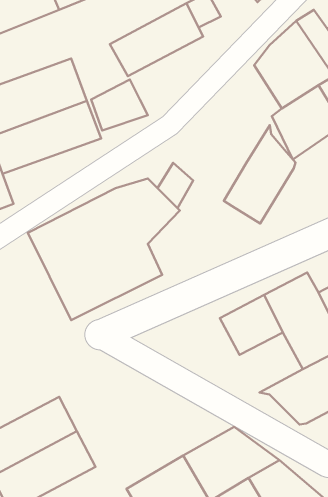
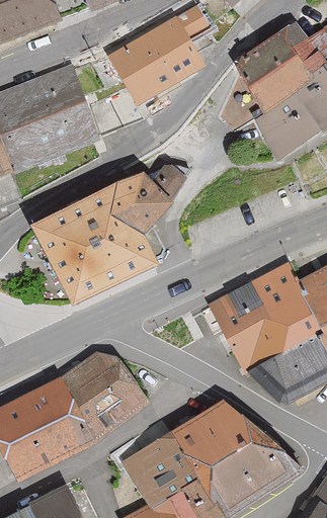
building: none -> [124,47,203,104]
building: [224,125,295,224] -> none
building: none -> [226,317,283,371]
building: none -> [61,353,148,439]

